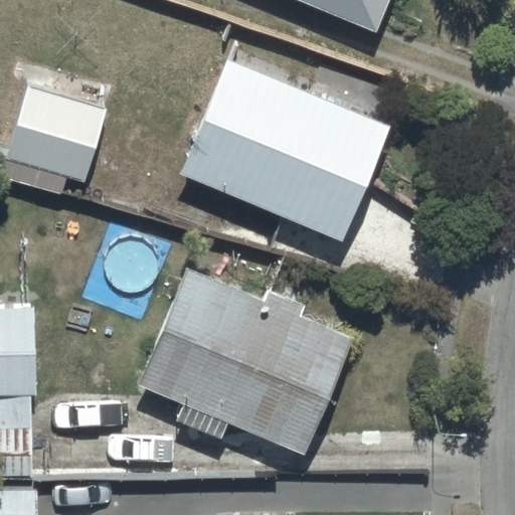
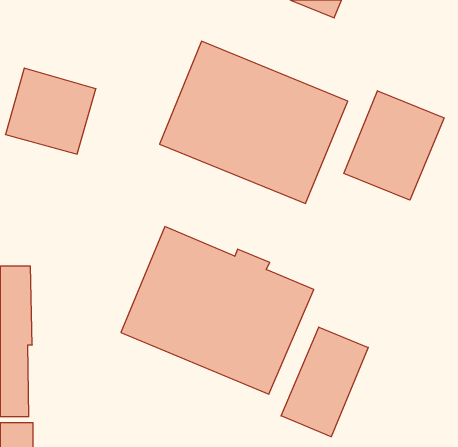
building: none -> [344,91,444,200]
building: none -> [281,327,368,437]

